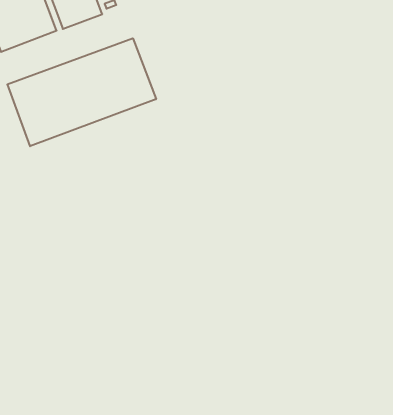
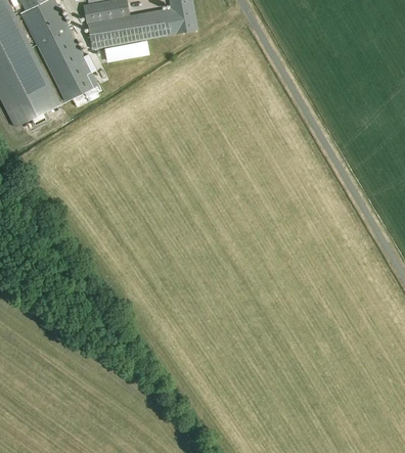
building: [7,38,156,146] -> none

